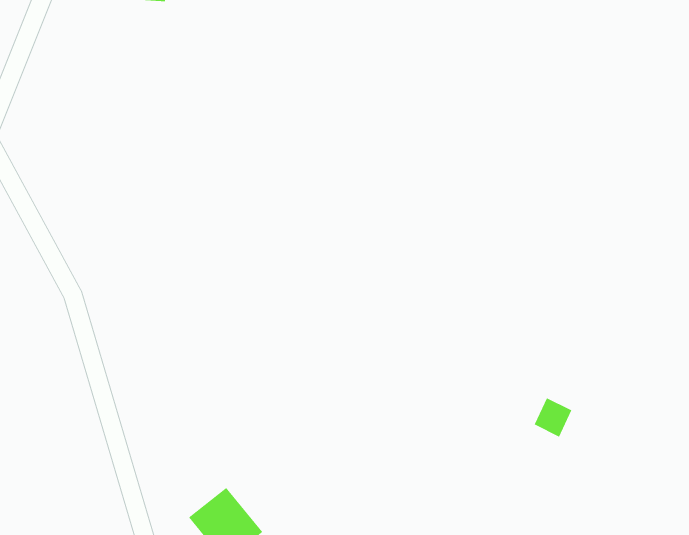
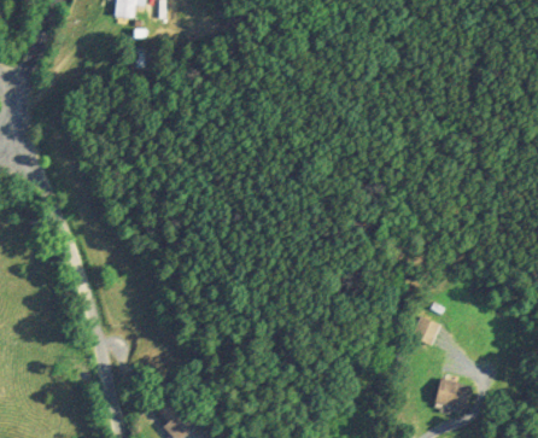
building: none -> [435,381,474,413]

